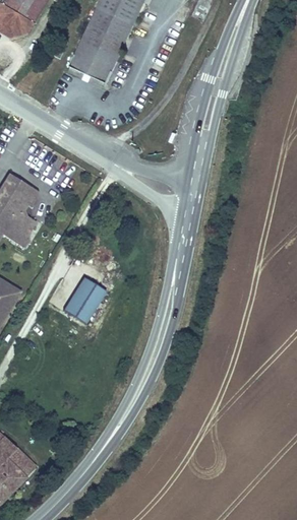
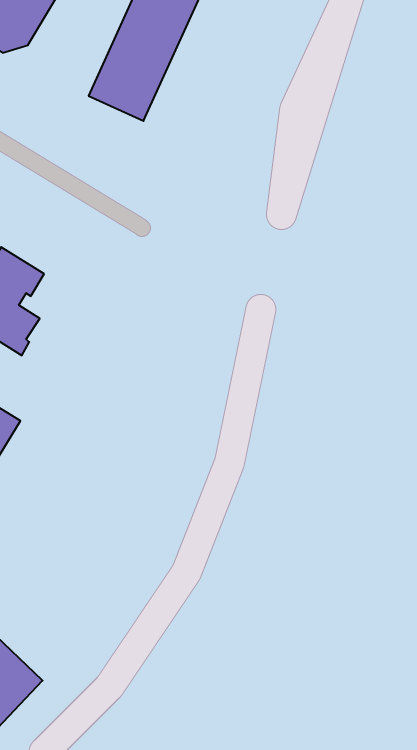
building: [63,276,107,323] -> none

